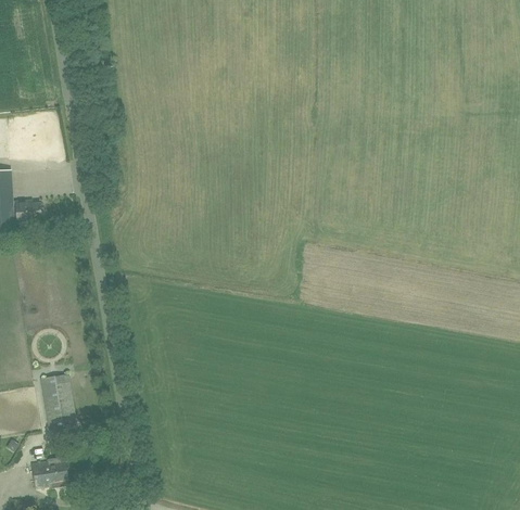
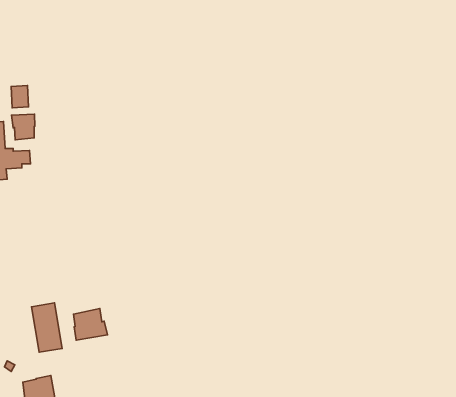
building: none -> [12,114,35,140]
building: none -> [74,309,107,340]

